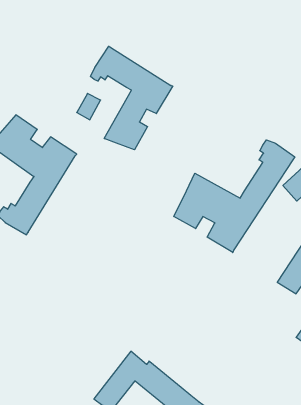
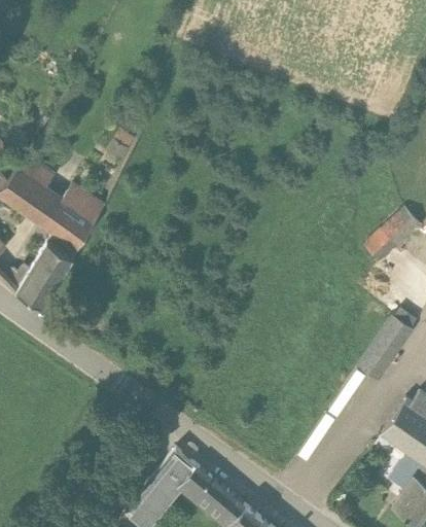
building: [91,46,173,150] -> none
building: [174,140,295,253] -> none

